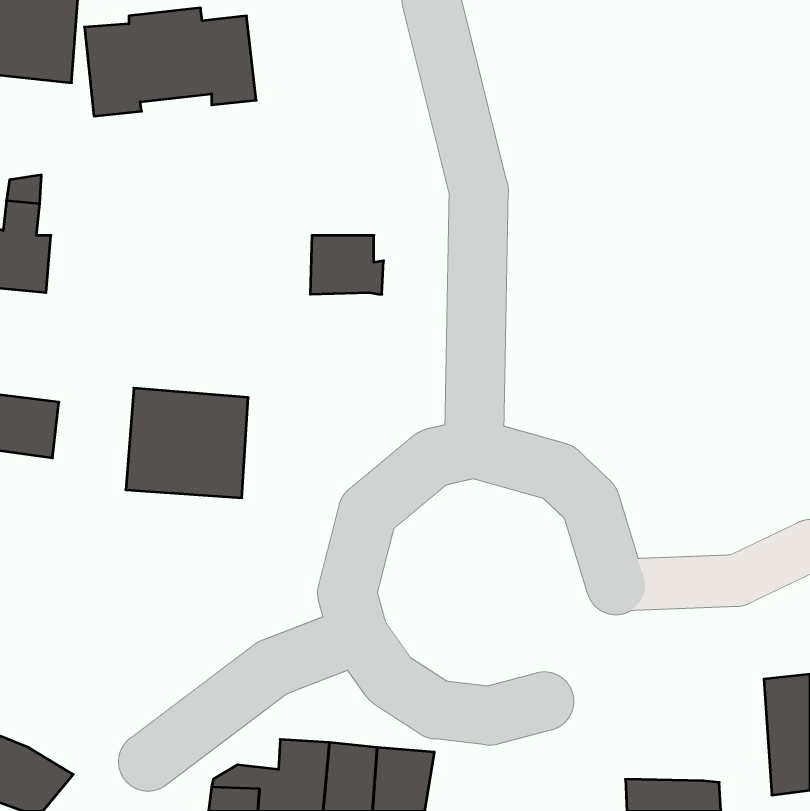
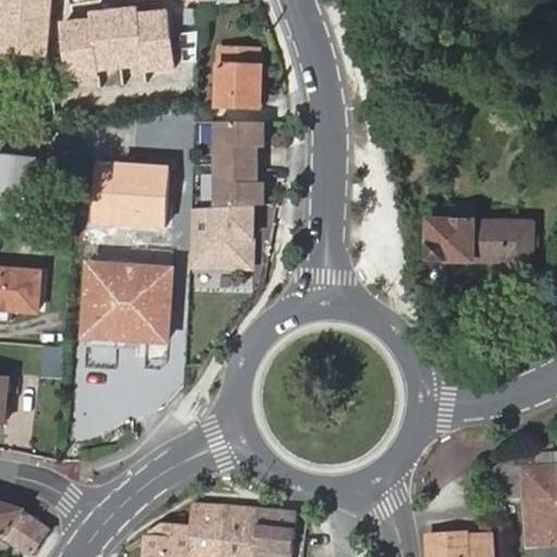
building: none -> [219,49,261,106]
building: none -> [213,119,263,161]
building: none -> [87,159,171,227]
building: none -> [188,200,253,265]
building: none -> [432,222,536,287]

